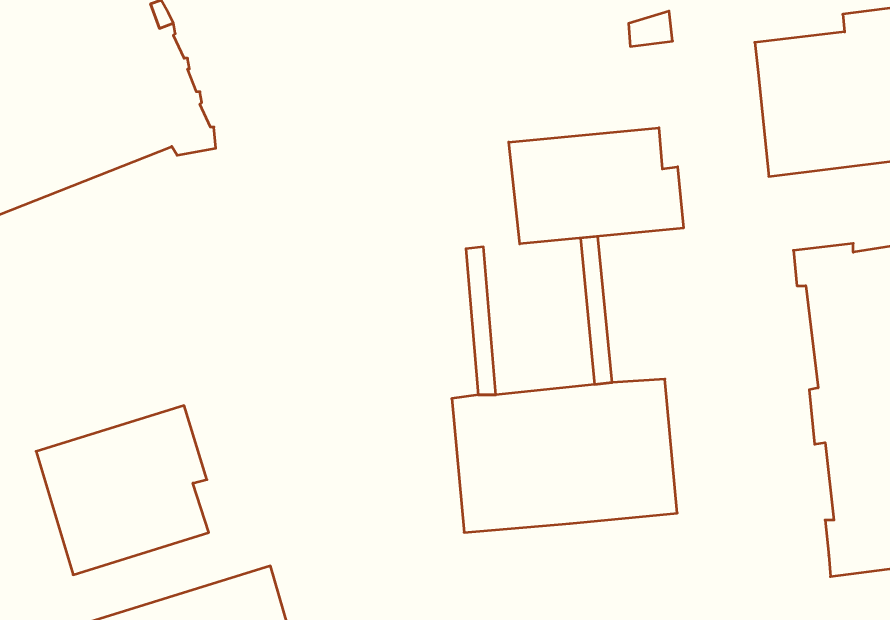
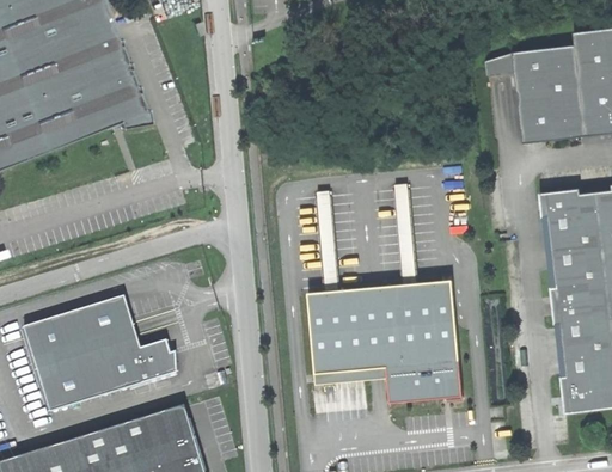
building: [629,11,673,46] -> [485,51,515,75]
building: [509,128,683,244] -> none
building: none -> [131,341,177,384]
building: none -> [387,370,463,401]

